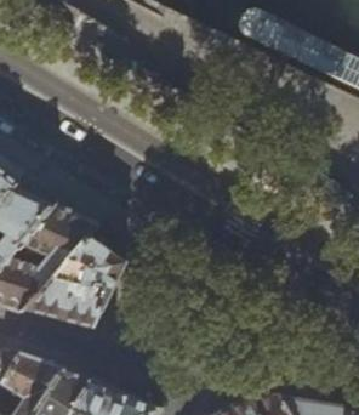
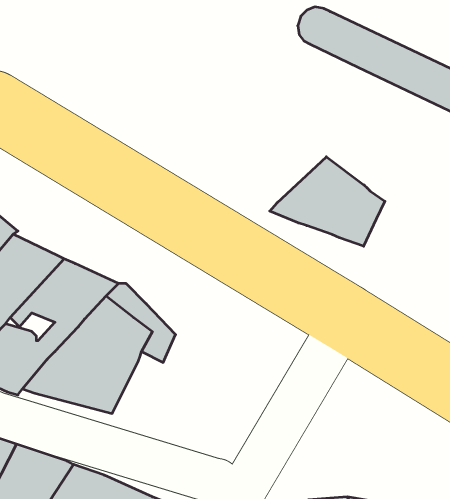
building: none -> [270,157,385,246]

